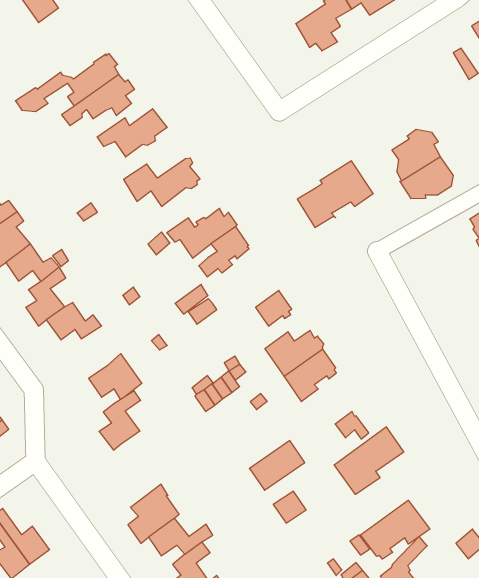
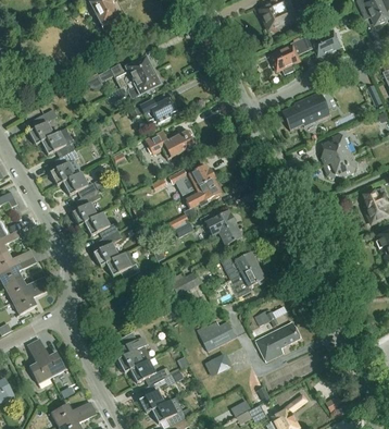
building: [297,161,373,227] -> [281,90,330,130]
building: none -> [200,210,236,235]
building: [99,391,141,450] -> [92,230,122,266]
building: [361,500,430,559] -> none

